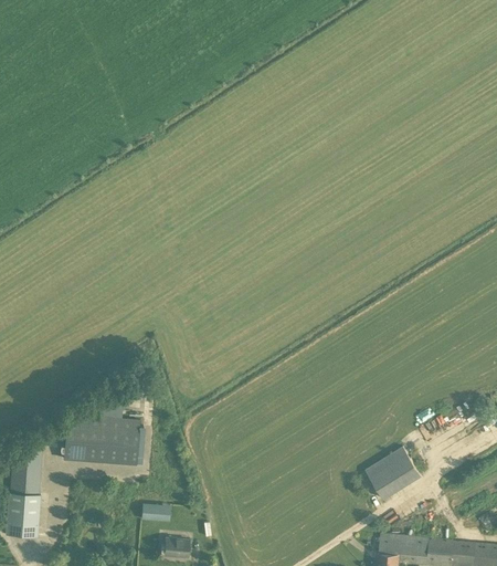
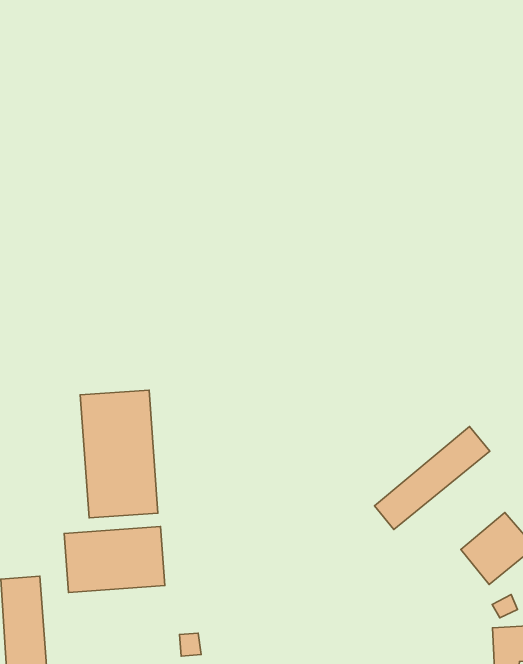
building: none -> [80,390,158,518]
building: none -> [374,426,490,530]

